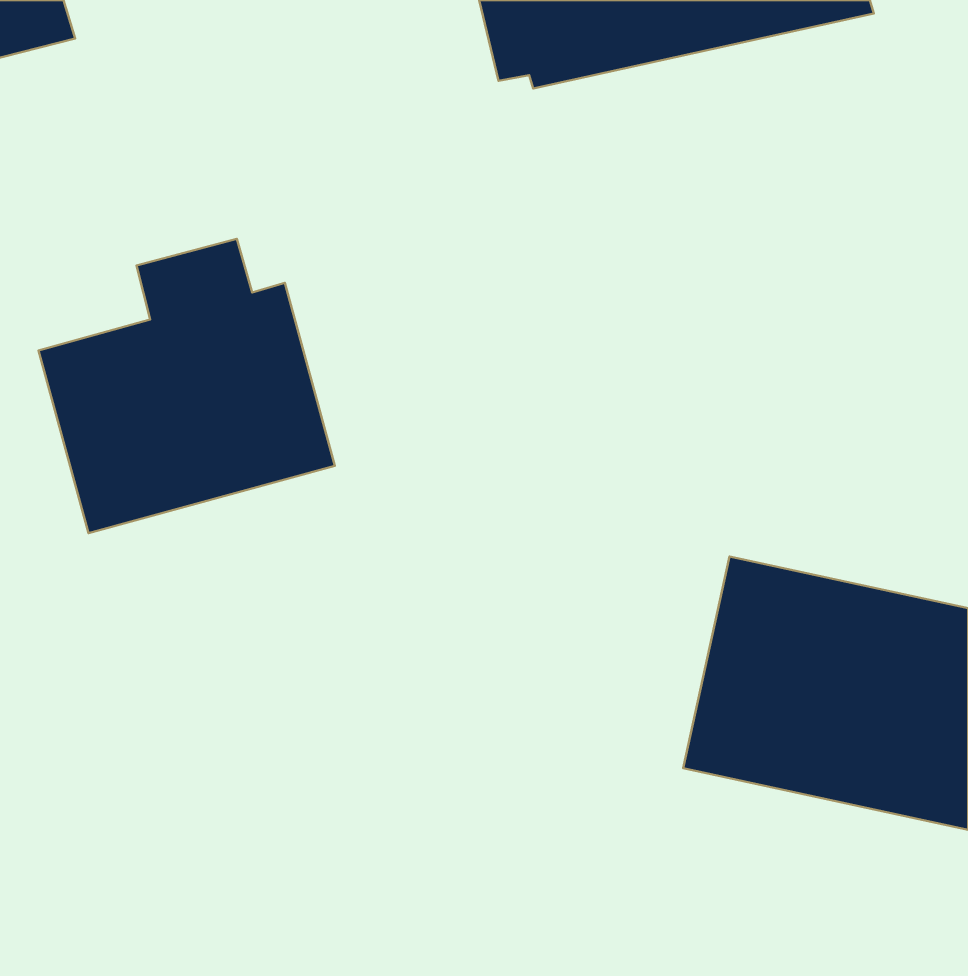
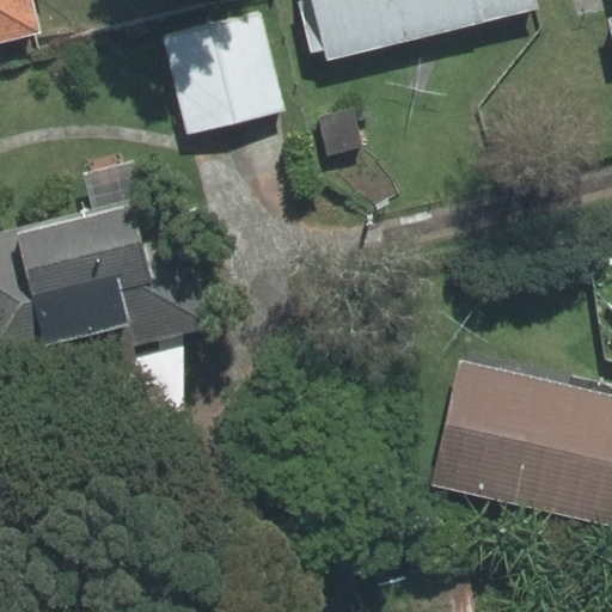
building: none -> [161,13,287,135]

